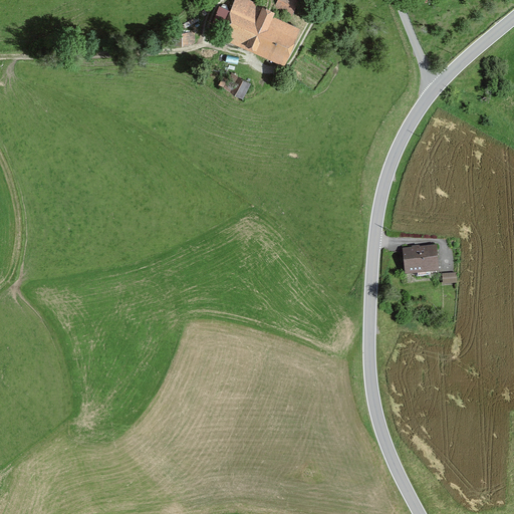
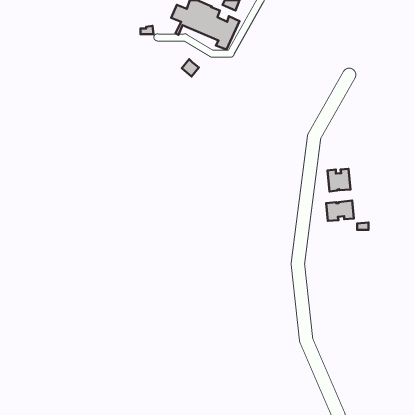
building: none -> [327,169,350,191]

